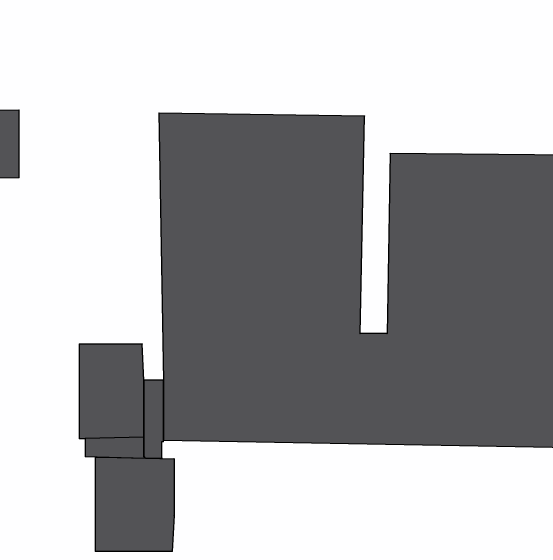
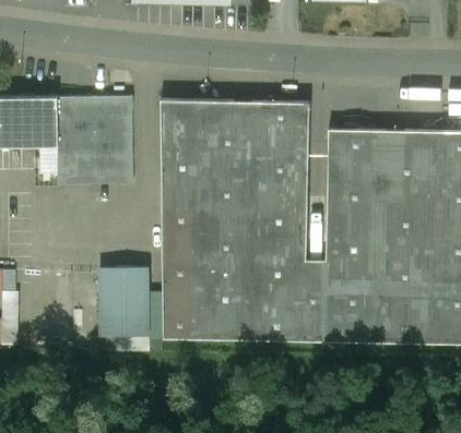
building: none -> [58,97,133,184]
building: [95,457,174,551] -> none

